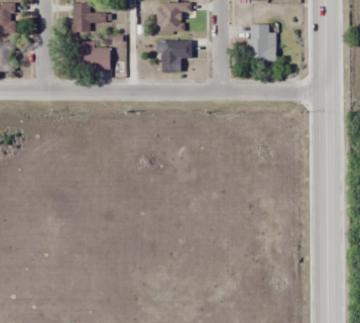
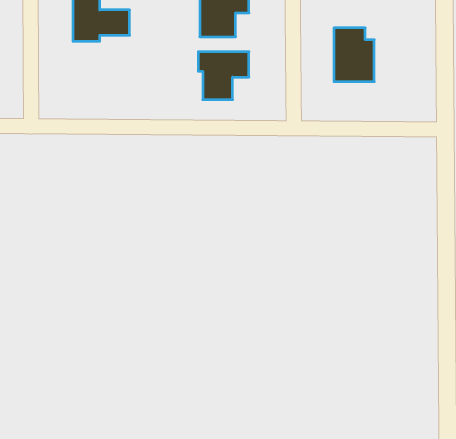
building: [73,42,110,69] -> none

